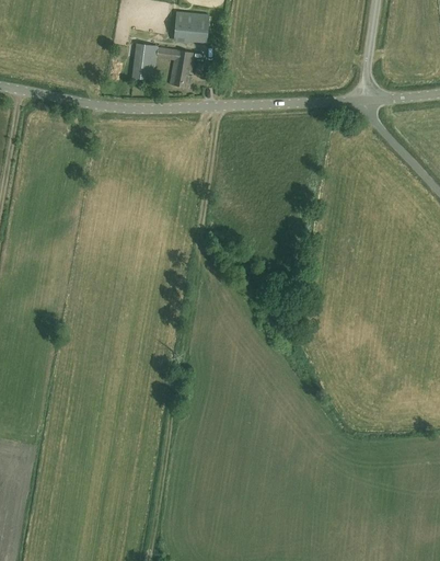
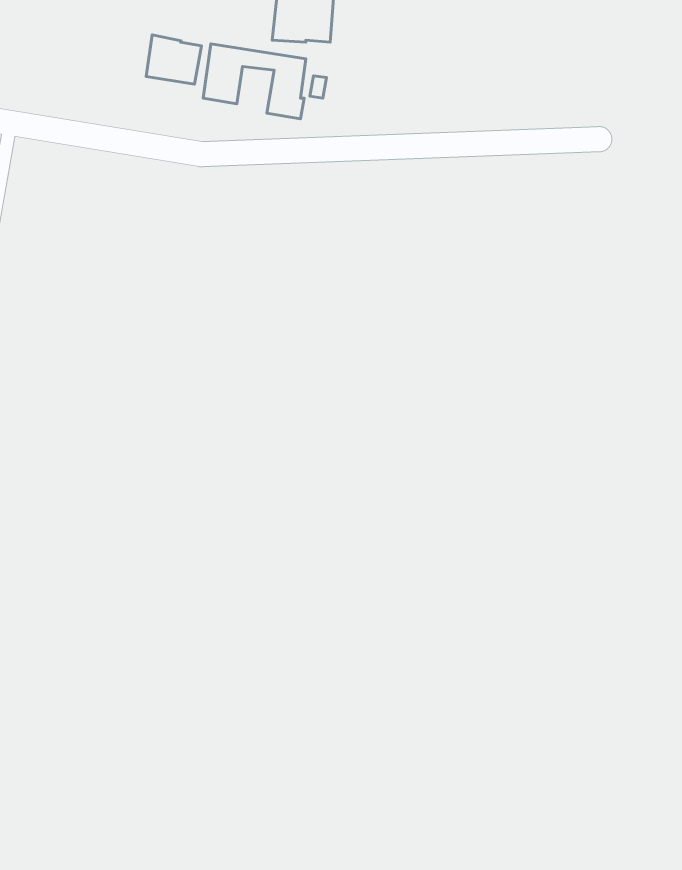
building: none -> [146,35,201,84]

